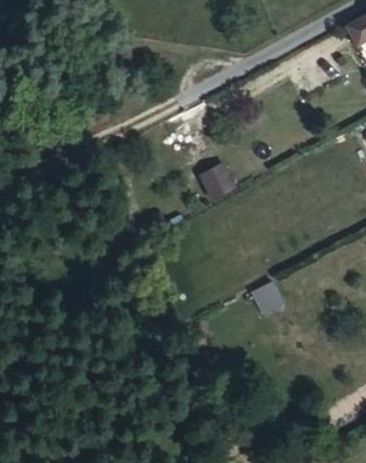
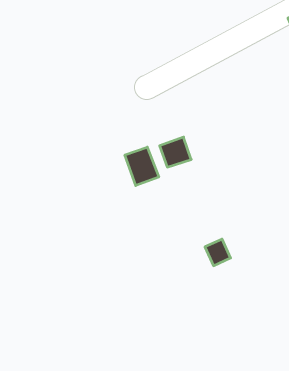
building: none -> [125,147,159,186]

